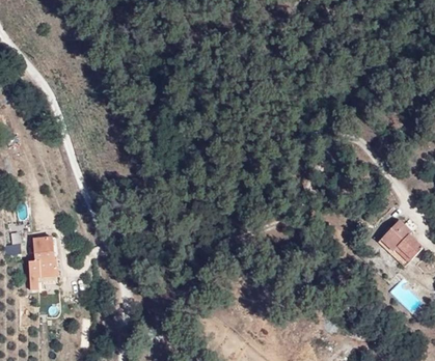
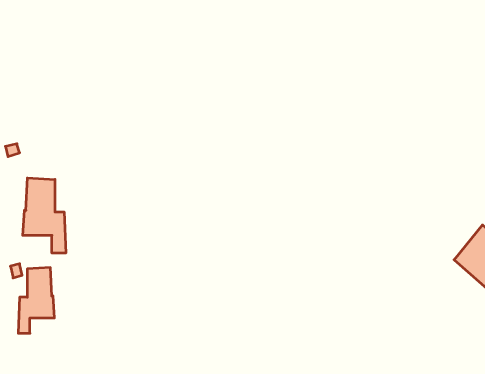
building: none -> [23,178,66,253]

